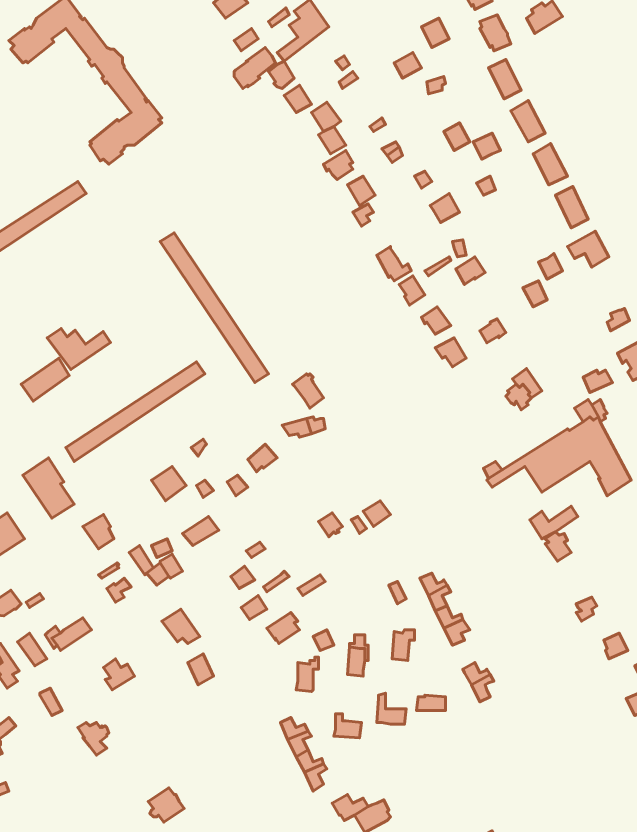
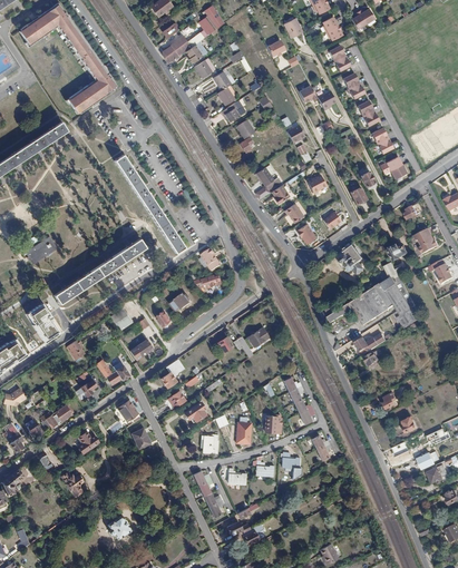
building: [47,329,111,370] -> none

